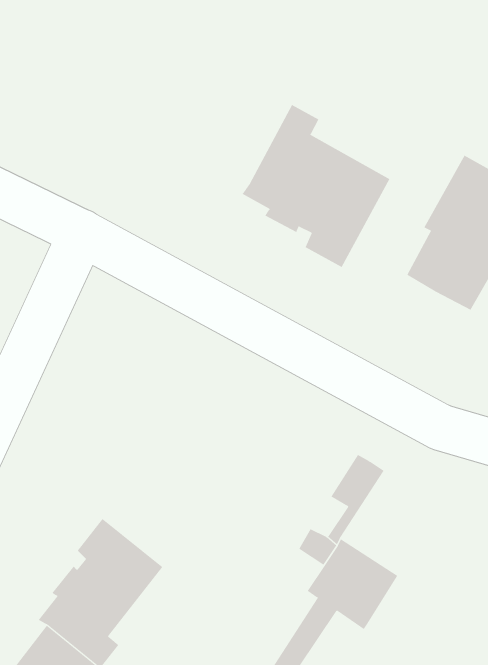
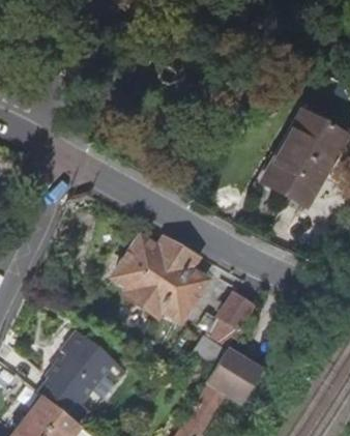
building: [242,104,390,268] -> none
building: none -> [114,232,204,314]

